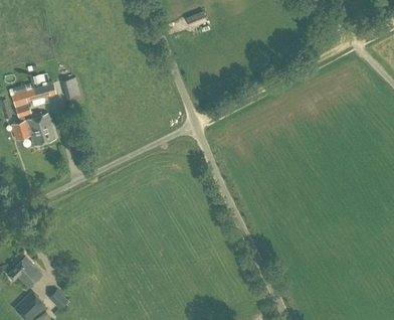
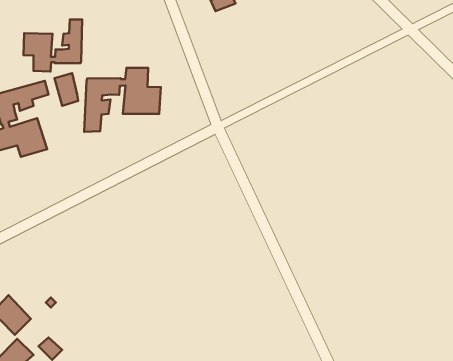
building: none -> [23,19,82,72]
building: none -> [84,68,161,132]

